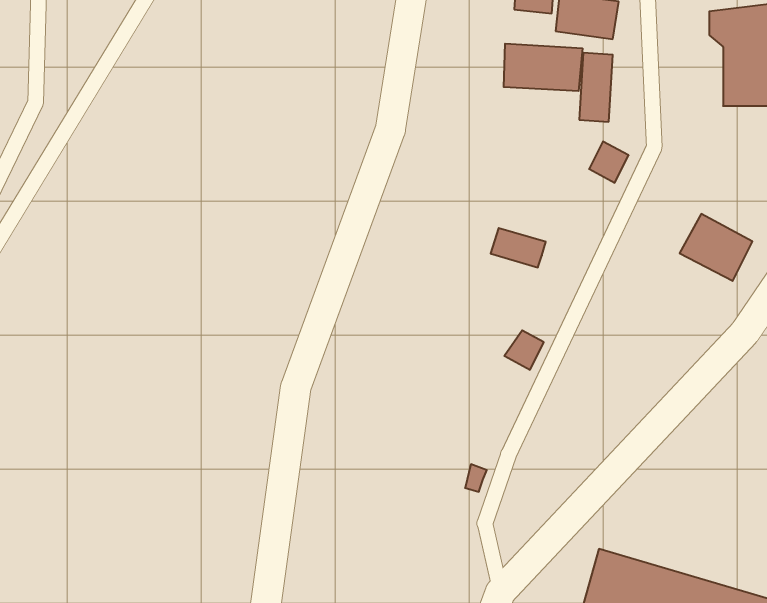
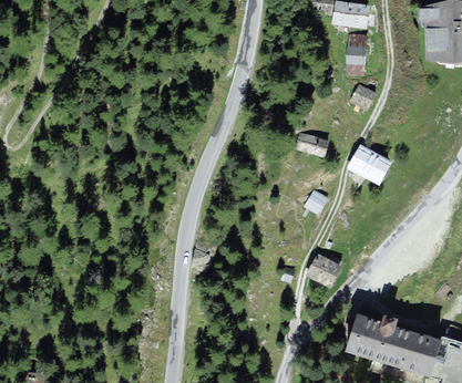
building: [504,44,582,91] -> none
building: [680,214,752,281] -> [349,145,390,183]
building: none -> [307,253,342,288]

